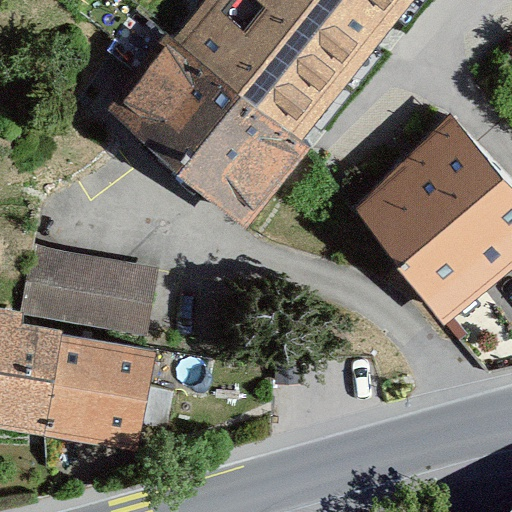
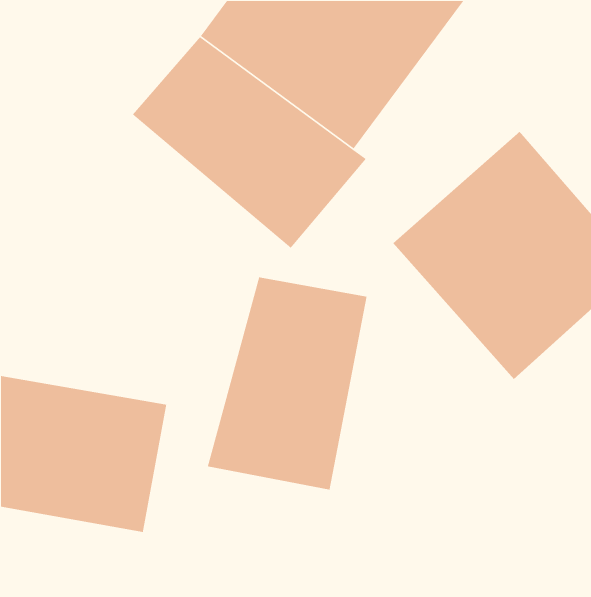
building: none -> [207,277,367,491]
building: [24,247,161,336] -> none

